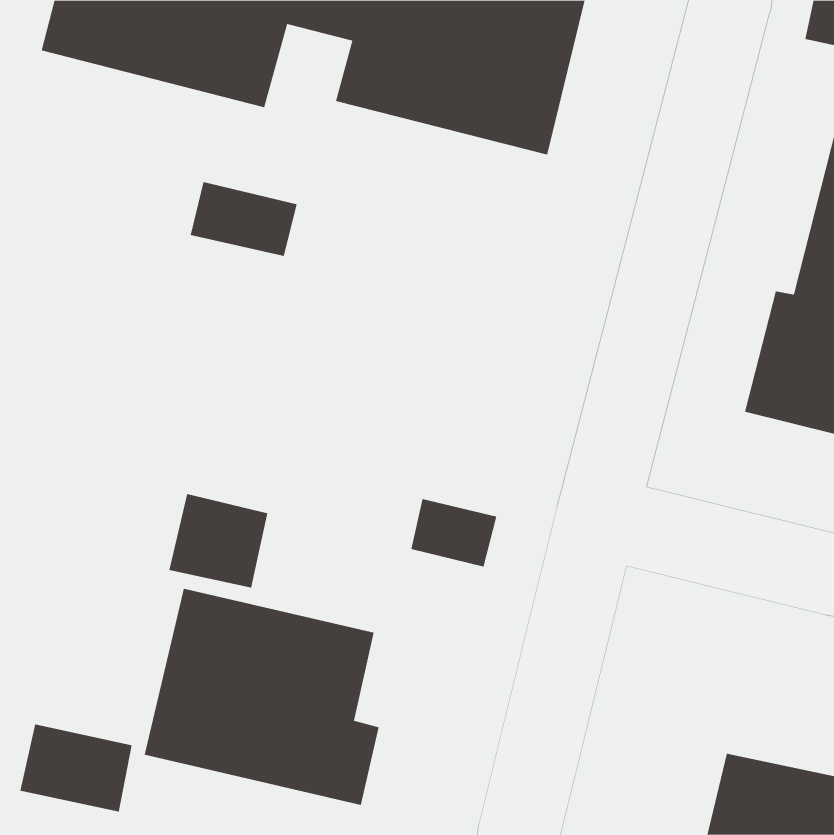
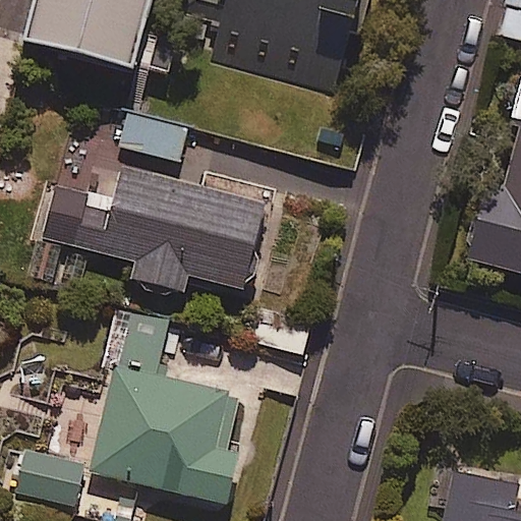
building: none -> [43,167,268,291]

